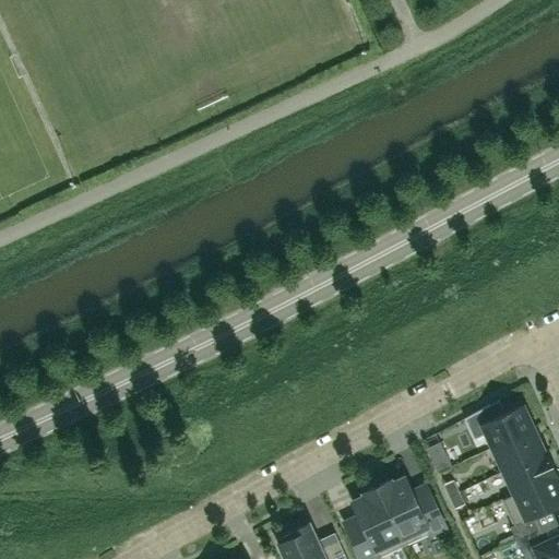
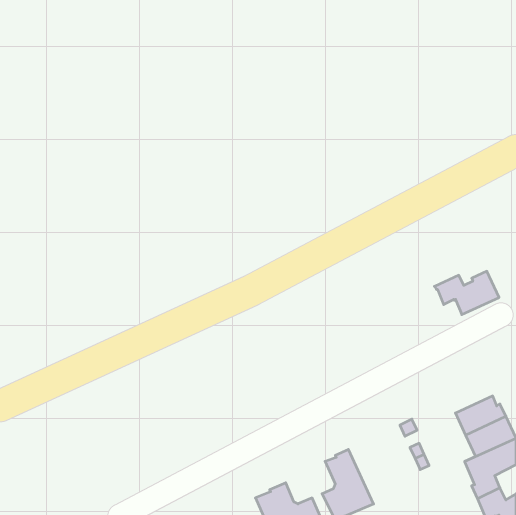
building: [463,401,533,448] -> [434,271,499,315]
building: [377,477,445,546] -> none

